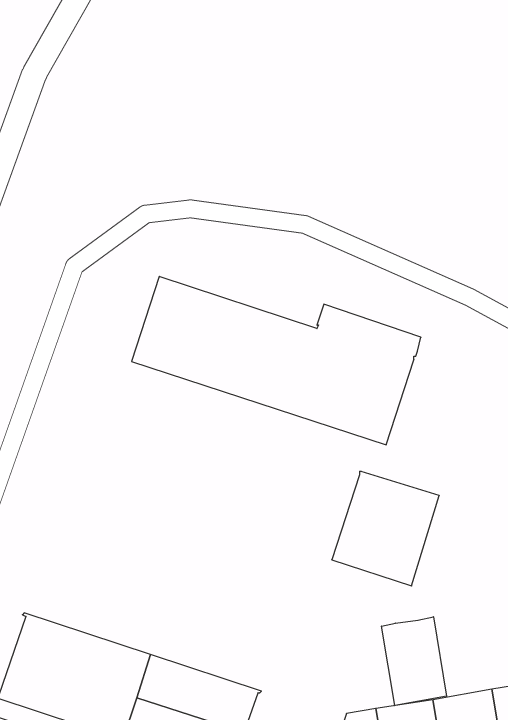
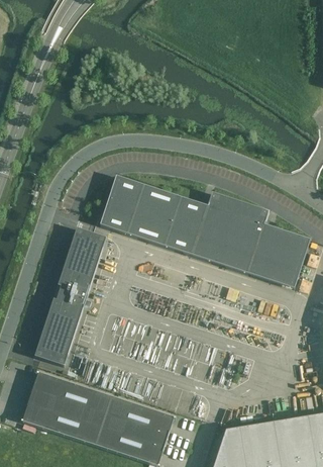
building: none -> [34,227,106,365]
building: [332,471,439,586] -> [248,221,311,288]
building: [382,617,447,706] -> none

